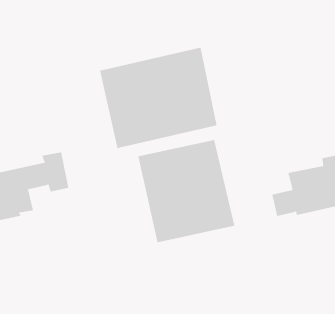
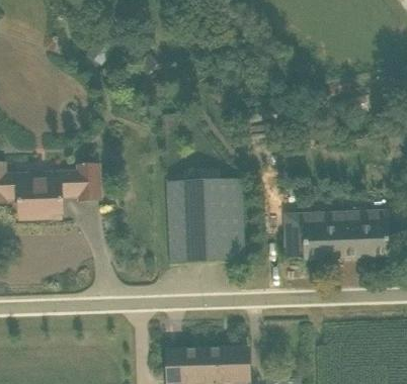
building: [99,47,217,149] -> none

